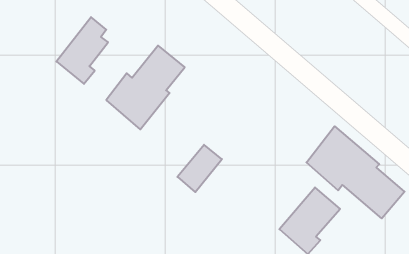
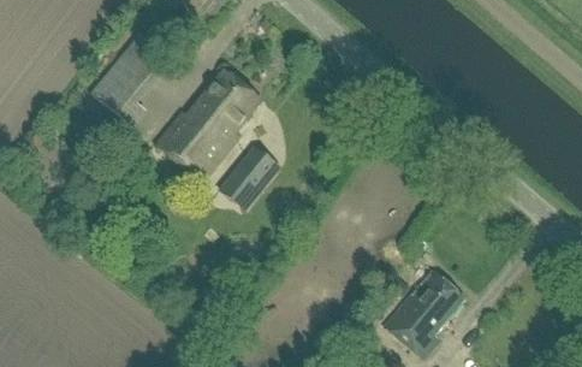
building: [306,126,405,218] -> none
building: [177,145,222,192] -> [216,147,277,211]

